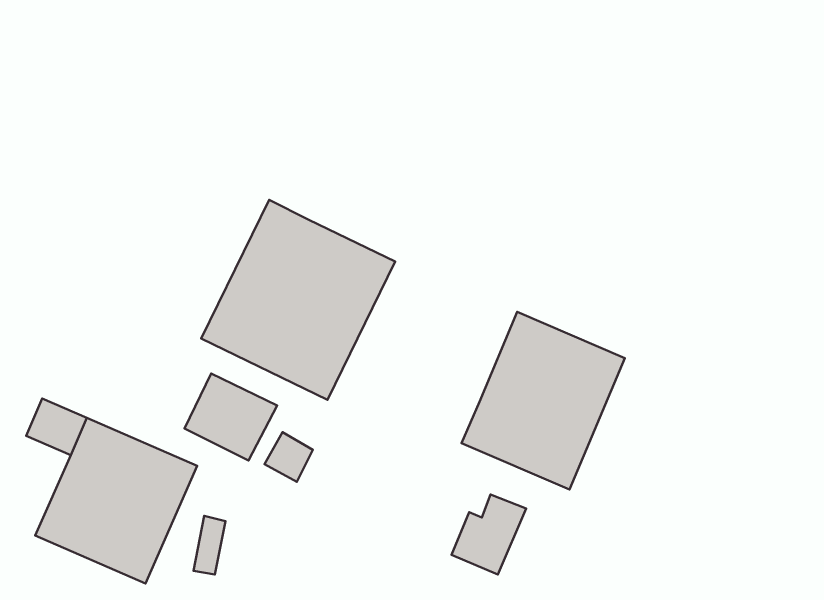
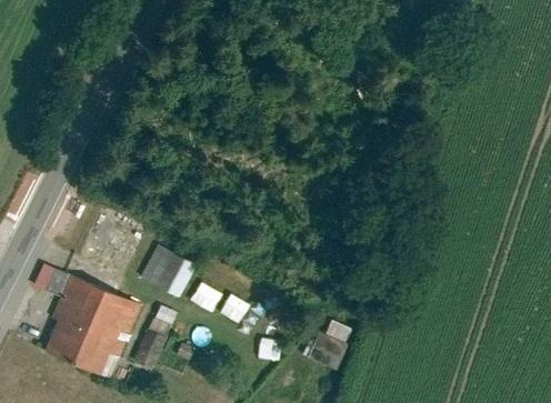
building: [201,200,395,400] -> none
building: [462,312,625,489] -> none

